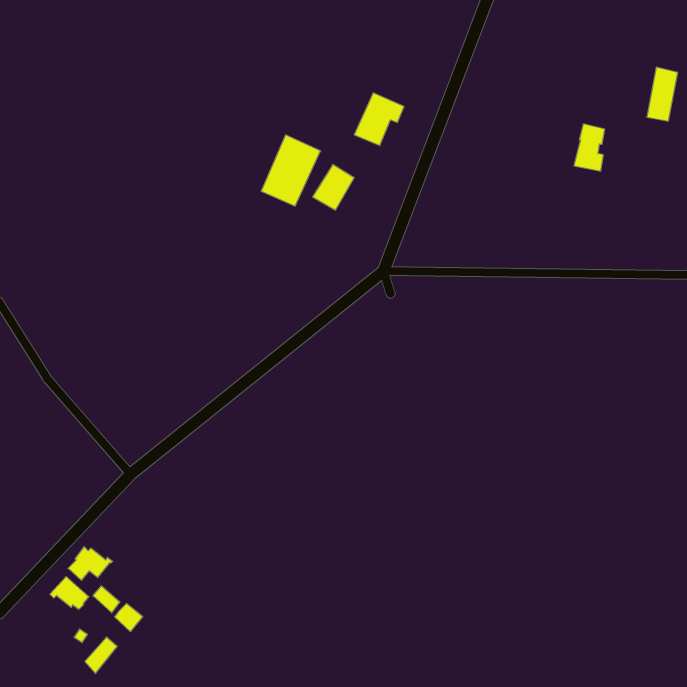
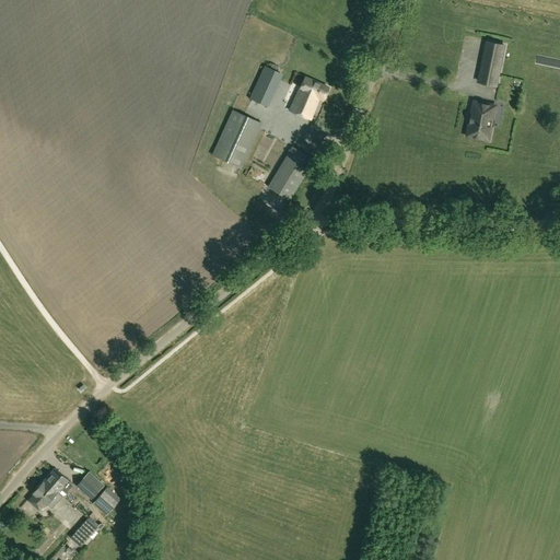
building: [647,67,678,121] -> [478,40,503,84]
building: none -> [258,70,287,108]
building: none -> [267,152,312,199]
building: [68,547,113,580] -> [27,482,63,510]

